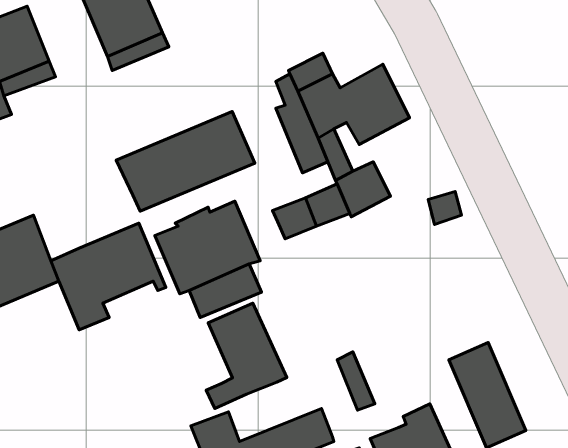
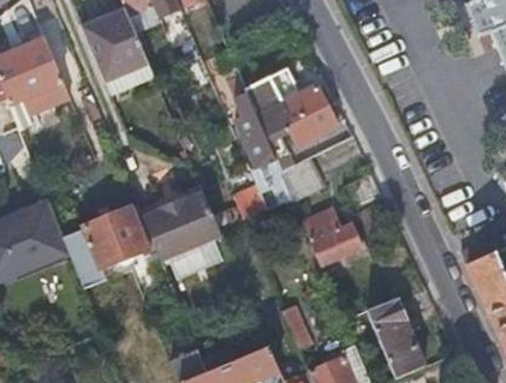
building: [116,111,255,211] -> none
building: none -> [300,209,361,265]
building: [206,303,287,408] -> none

